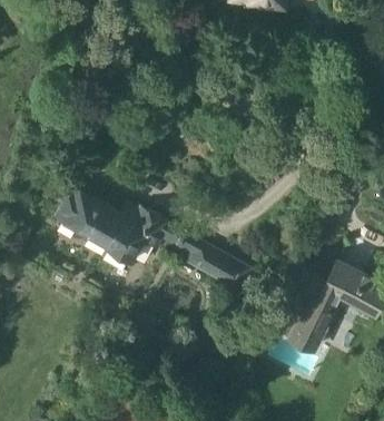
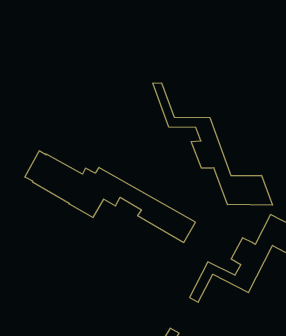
building: none -> [153,83,273,205]

